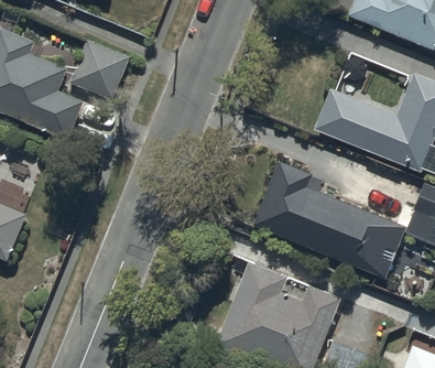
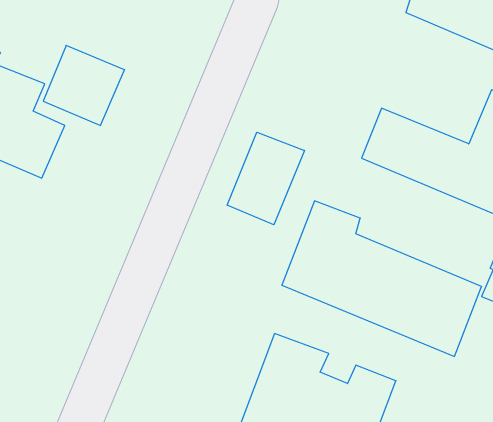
building: none -> [227,132,304,225]

